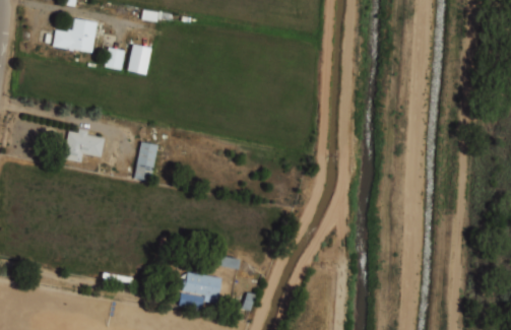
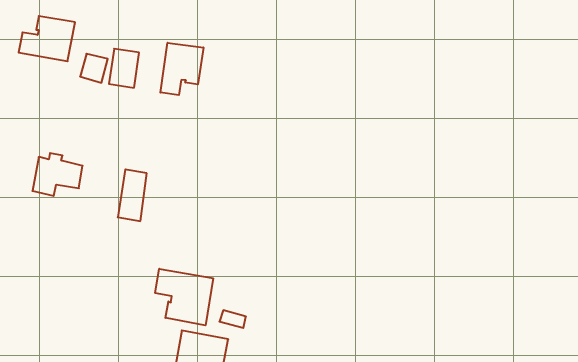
building: none -> [160,43,203,95]
building: none -> [155,269,213,325]

